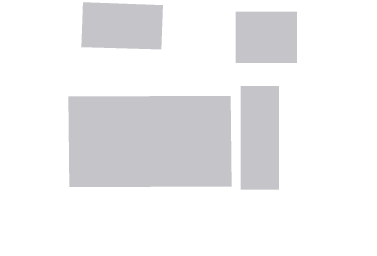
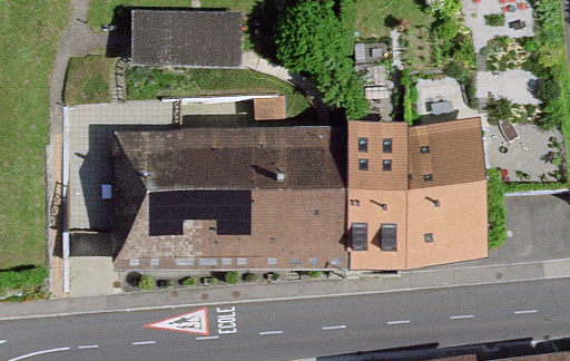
building: [235,11,298,64] -> none
building: none -> [404,116,485,266]

